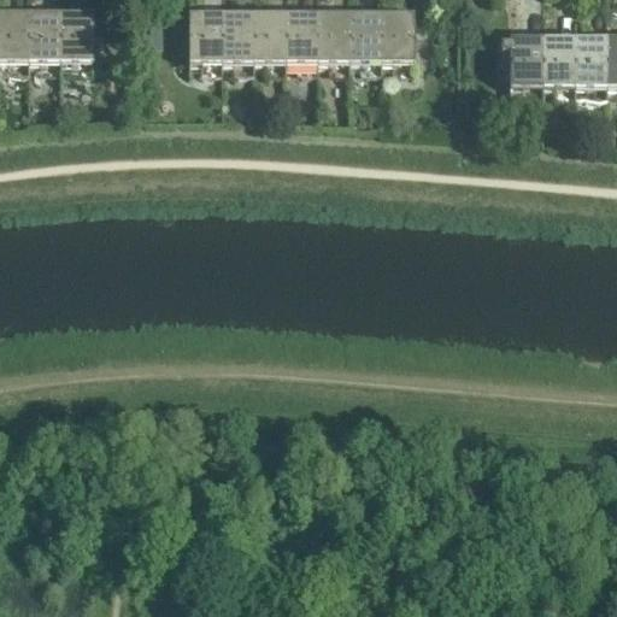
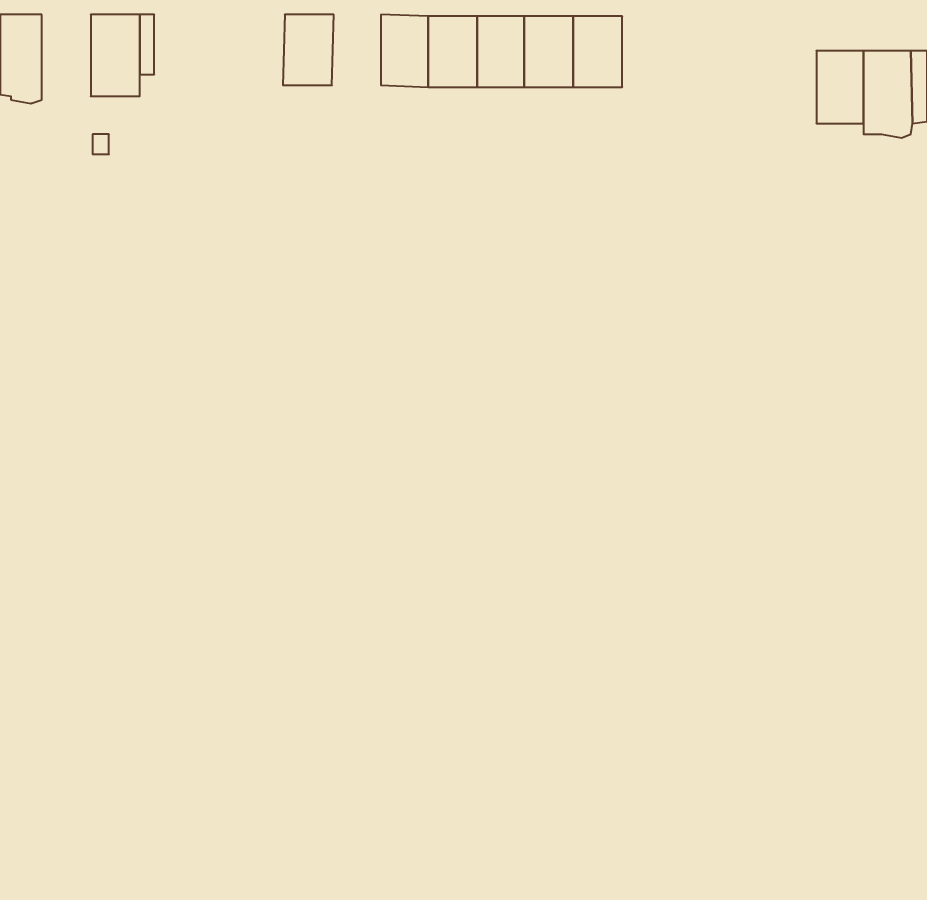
building: [28,10,60,64] -> none
building: [221,10,253,57] -> none
building: [500,34,542,82] -> none

